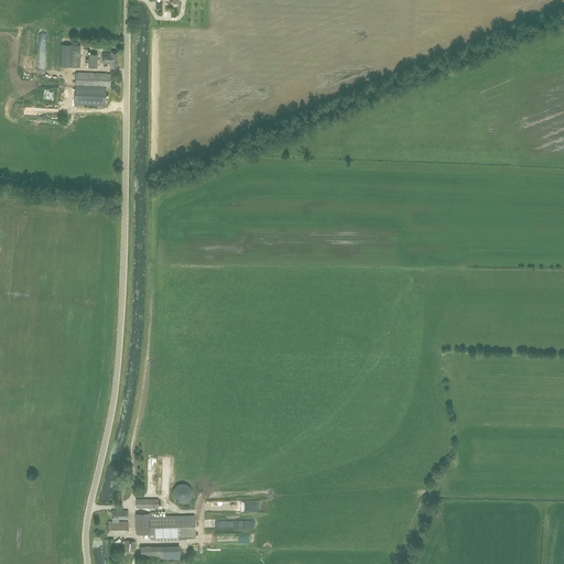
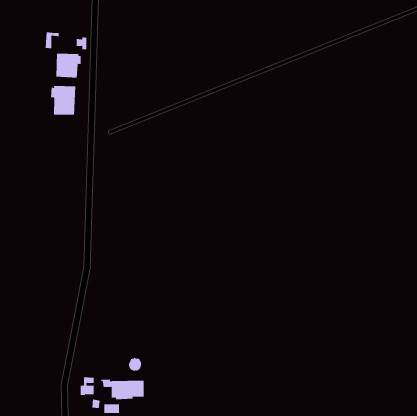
building: none -> [51,85,76,115]

